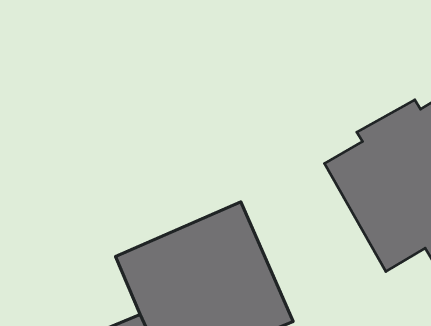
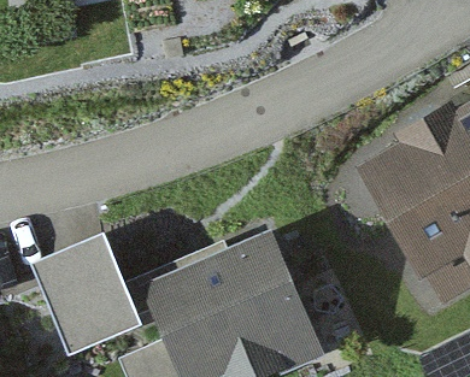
building: none -> [27,218,135,332]

